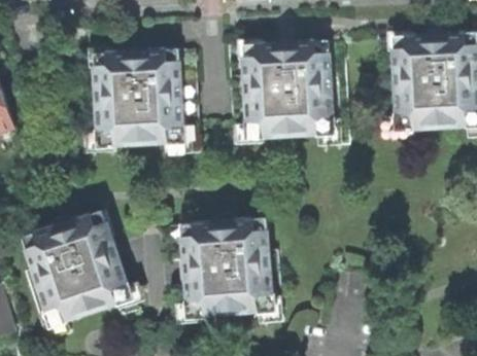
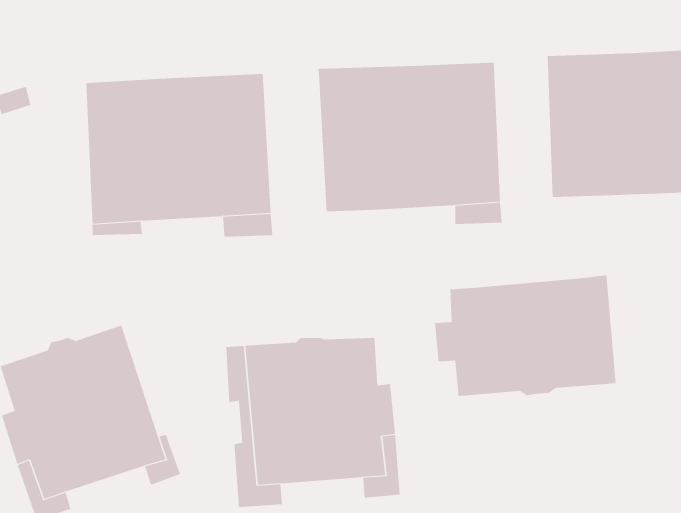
building: none -> [434,275,616,397]

